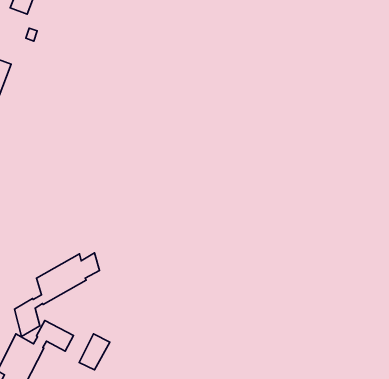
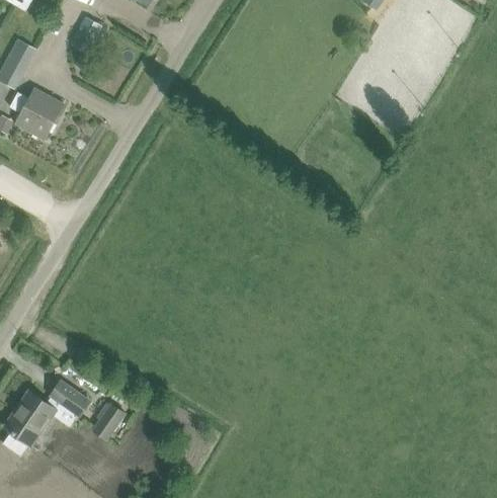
building: [14,253,99,337] -> none

